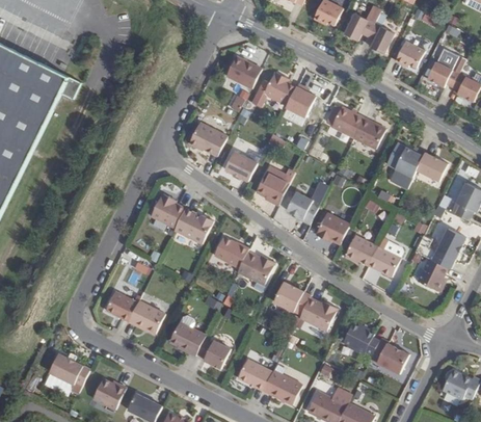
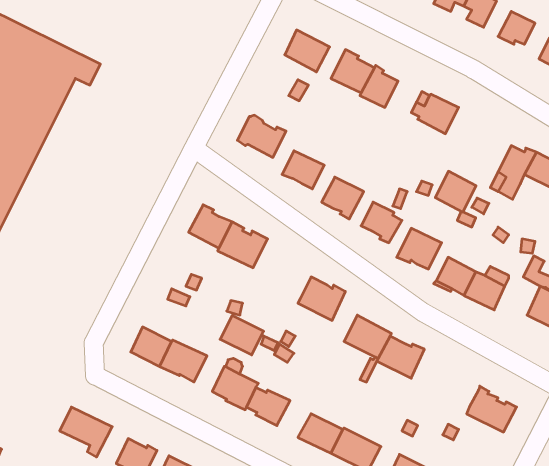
building: [352,116,384,149] -> [435,171,476,212]
building: [213,236,247,267] -> [220,316,264,355]
building: [342,323,378,353] -> none

